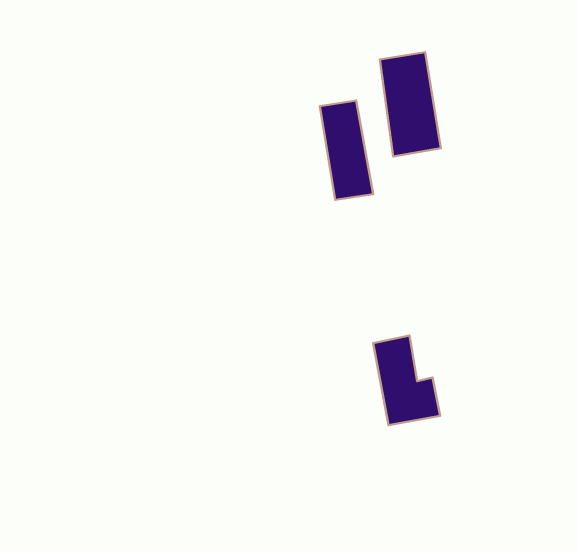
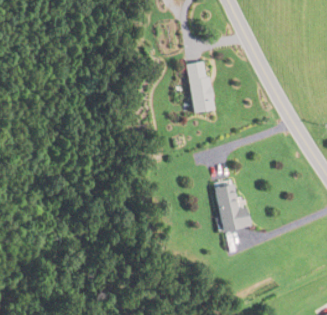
building: [380,52,441,156] -> none

